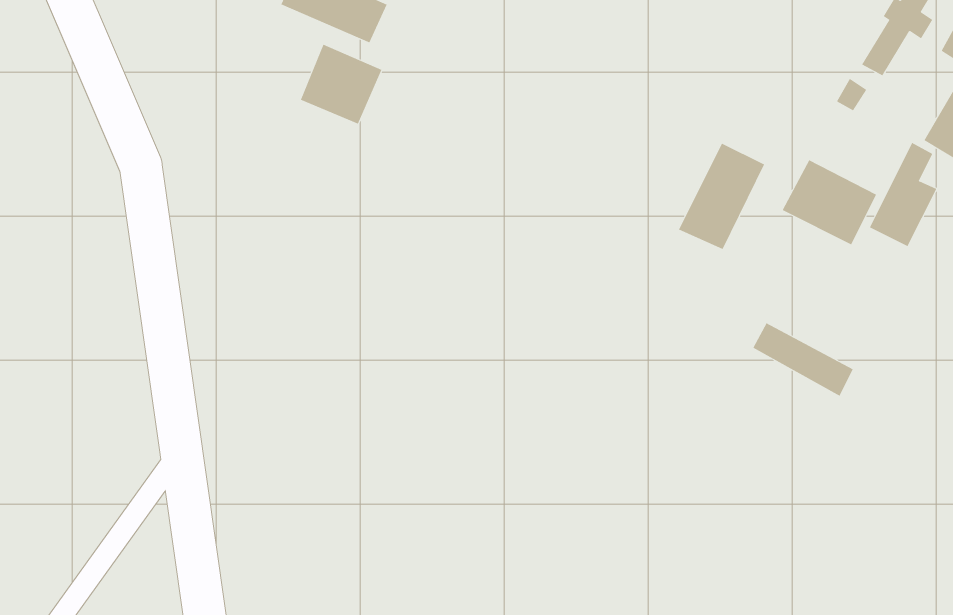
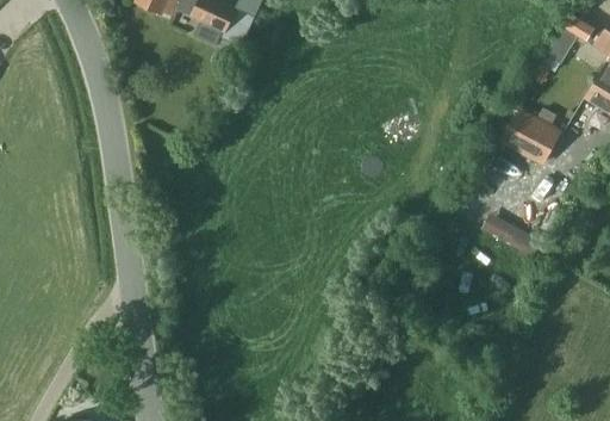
building: [300,44,382,124] -> none
building: [678,143,765,250] -> none

